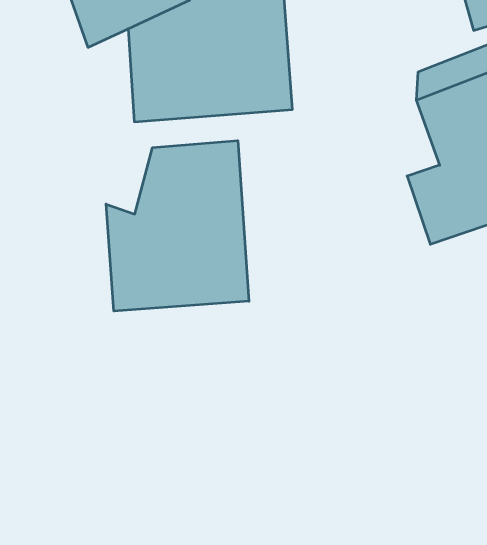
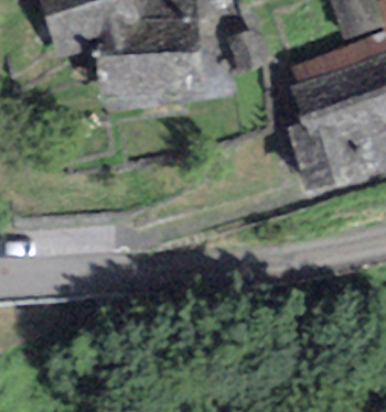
building: [106,141,249,311] -> none

